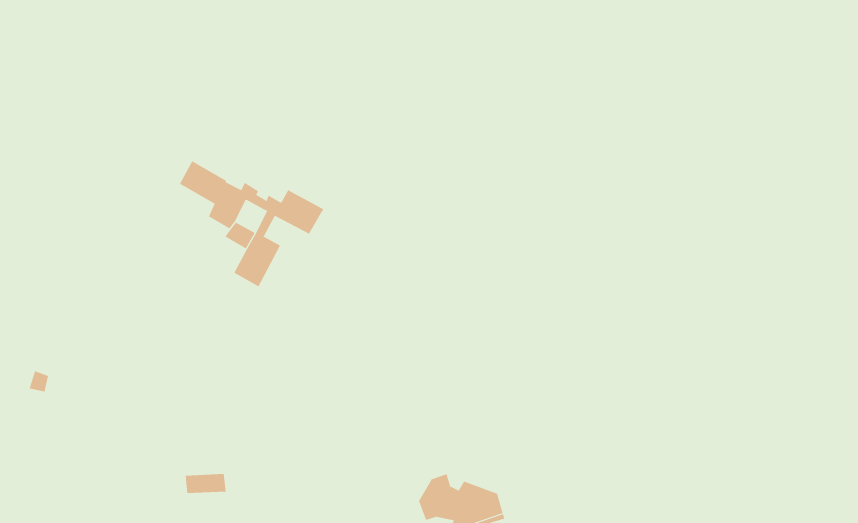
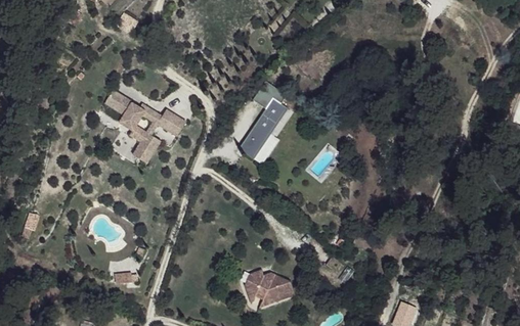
building: none -> [237,96,288,158]

